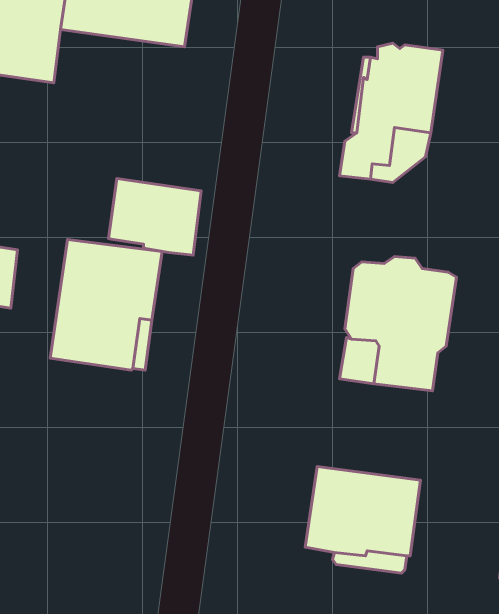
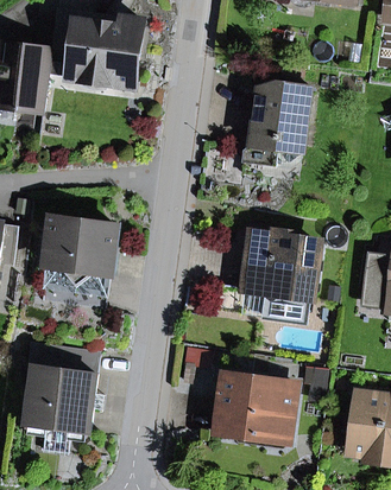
building: [108,179,201,255] -> none
building: none -> [24,342,103,451]

